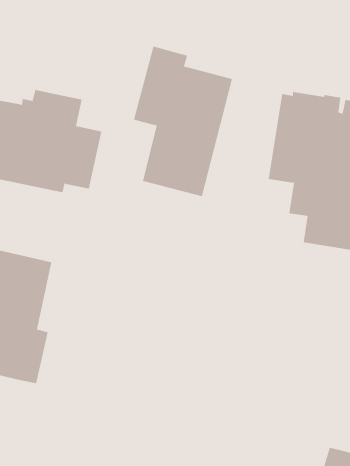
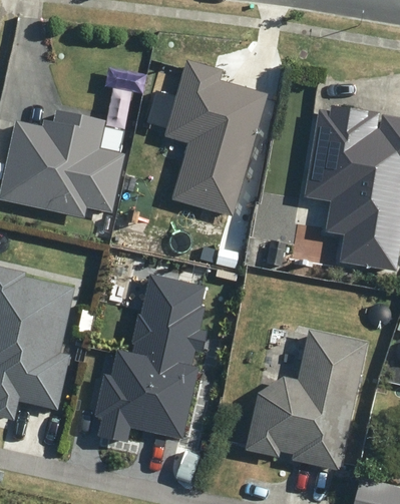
building: none -> [90,275,203,443]
building: none -> [241,331,364,471]

